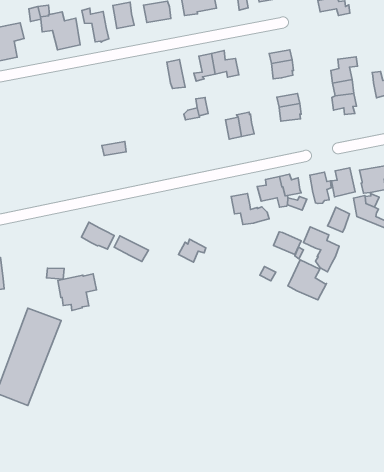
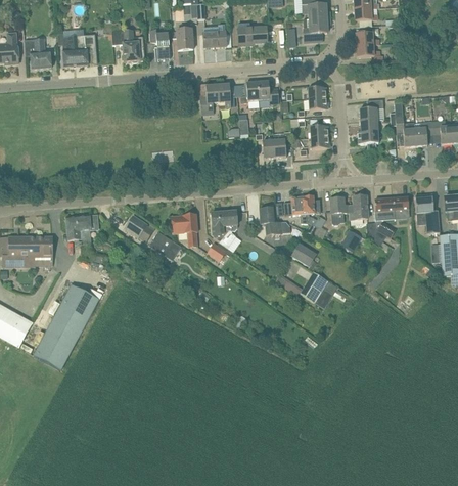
building: none -> [199,82,219,109]
building: none -> [211,209,237,240]
building: none -> [172,213,197,246]
building: [303,227,339,272] -> none
building: [58,274,96,310] -> [66,214,99,244]

